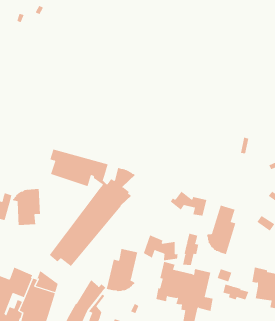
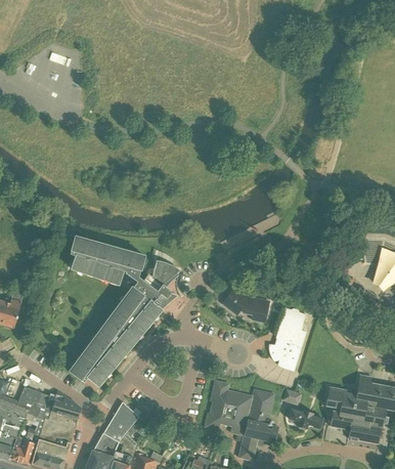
building: [12,188,40,226] -> none
building: [183,233,199,266] -> none
building: [143,234,178,261] -> none
building: [106,248,138,292] -> none

